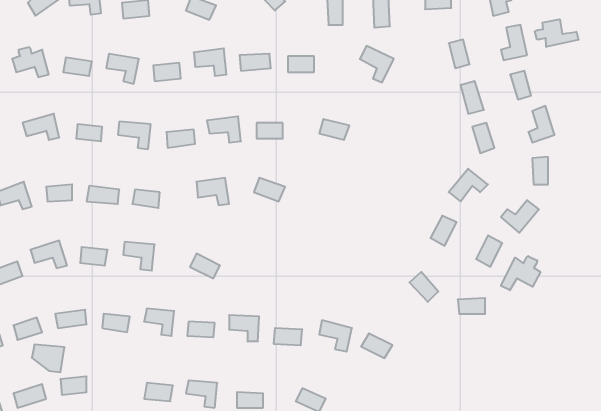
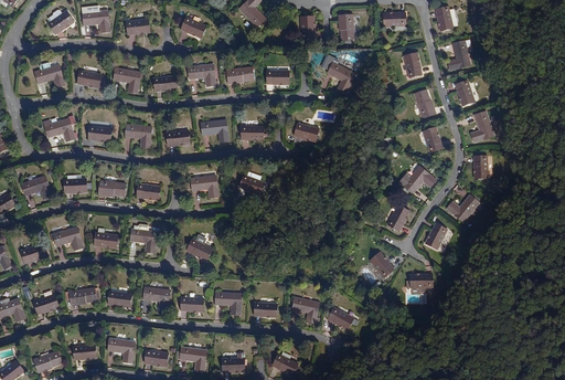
building: [535,19,578,47] -> none
building: [501,256,540,290] -> none
building: [32,345,65,372] -> [109,336,137,359]

